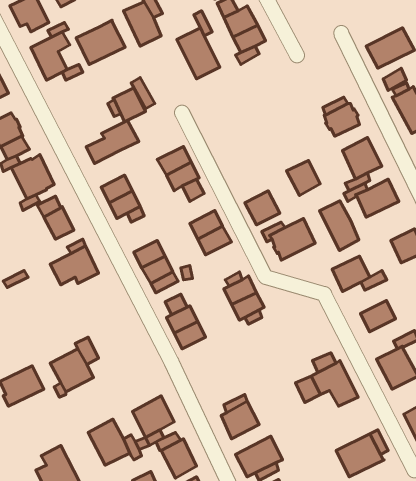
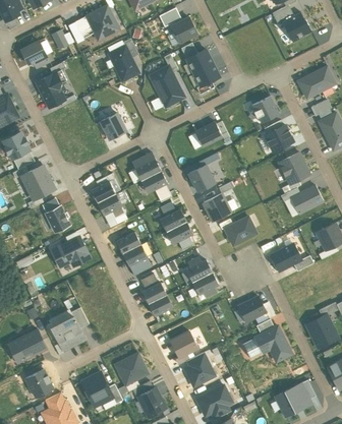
building: [76,20,125,64] -> none
building: none -> [251,96,278,122]
building: none -> [194,122,222,146]
building: [86,120,139,163] -> none
building: [286,160,320,196] -> [187,165,214,192]
building: [320,201,359,250] -> none
building: [360,300,396,332] -> [237,296,265,320]
building: none -> [170,331,197,358]
building: none -> [25,369,52,397]

